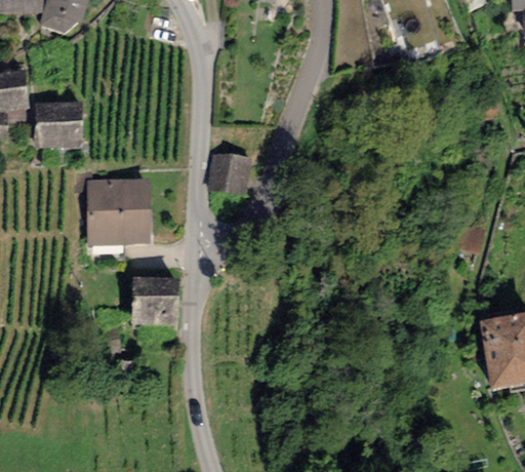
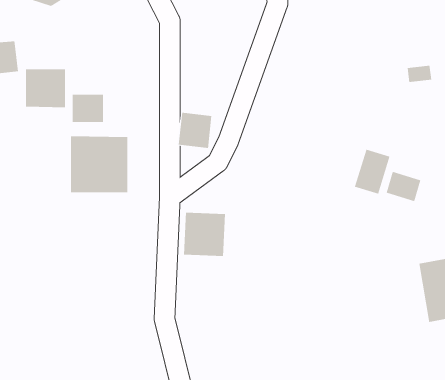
building: none -> [72,94,104,123]
building: none -> [354,149,390,194]
building: [131,278,179,328] -> [183,212,226,257]

